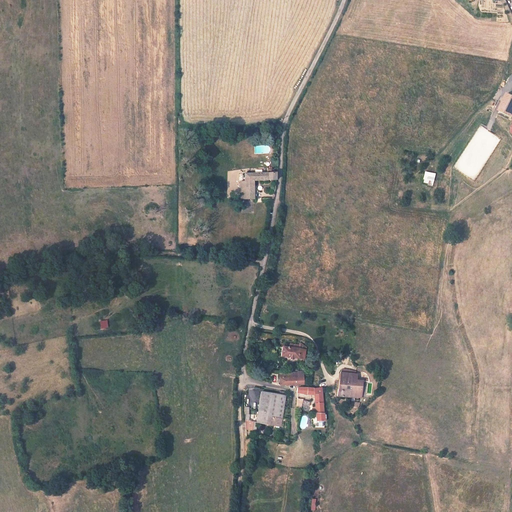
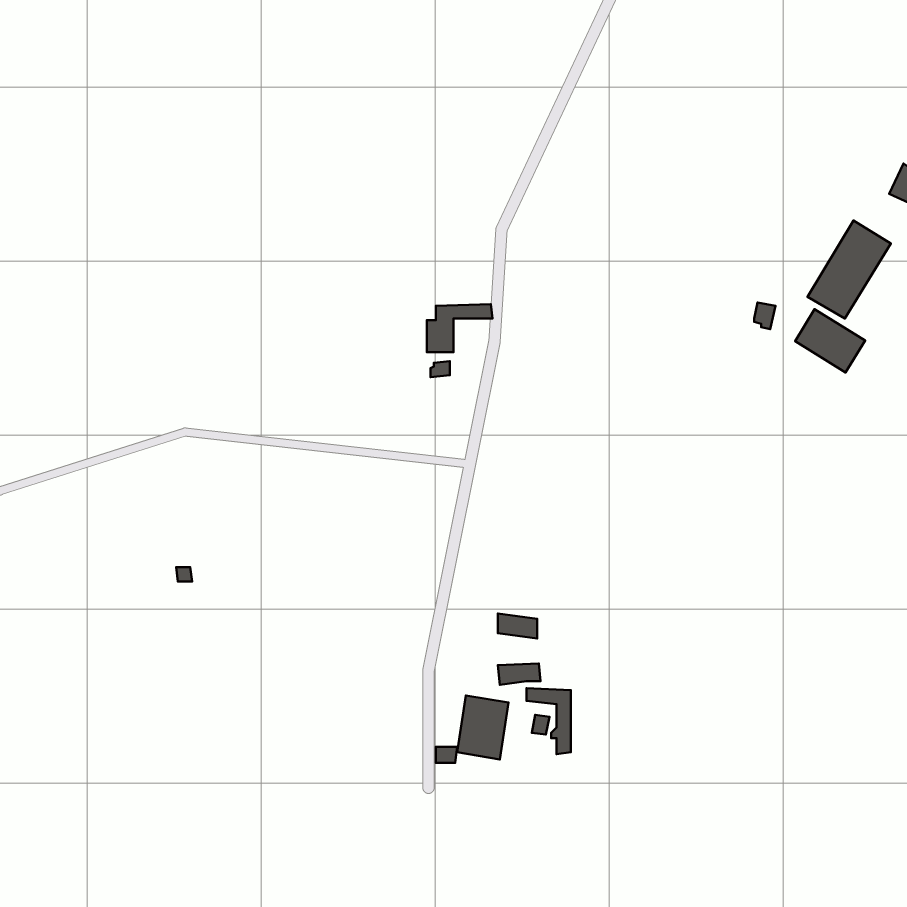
building: none -> [795,309,865,373]
building: [338,371,361,395] -> none

